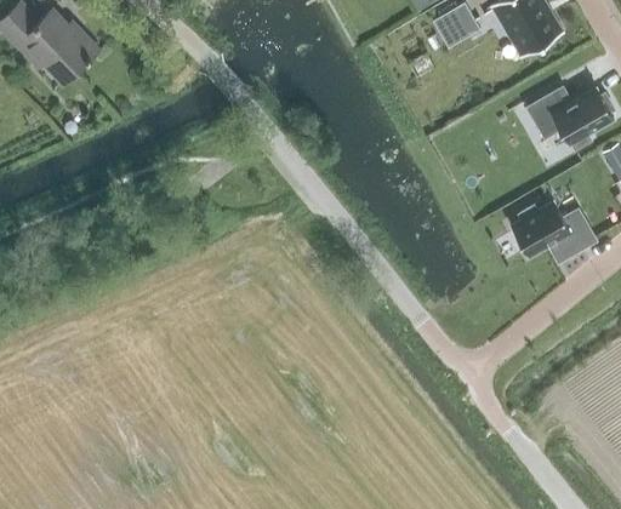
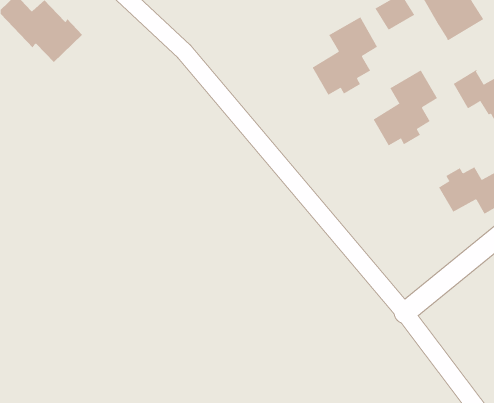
building: none -> [312,16,378,96]
building: none -> [373,69,438,146]

